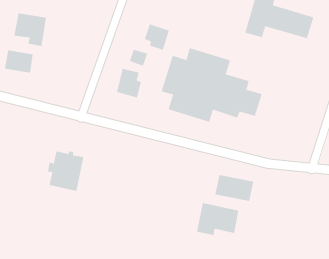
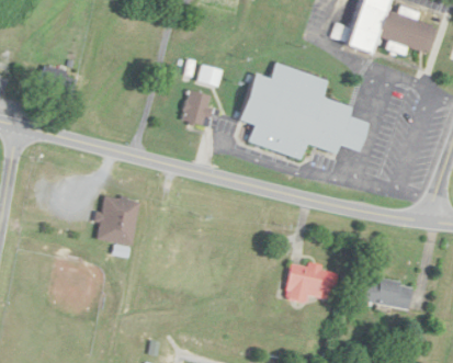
building: [14,13,47,47] -> none
building: [144,23,170,51] -> none
building: [215,175,254,201] -> [362,275,412,309]

